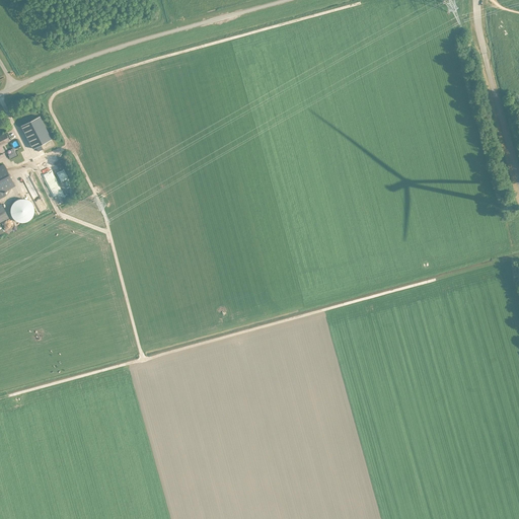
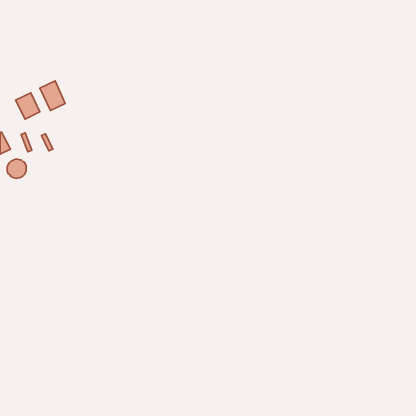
building: none -> [40,81,65,110]

